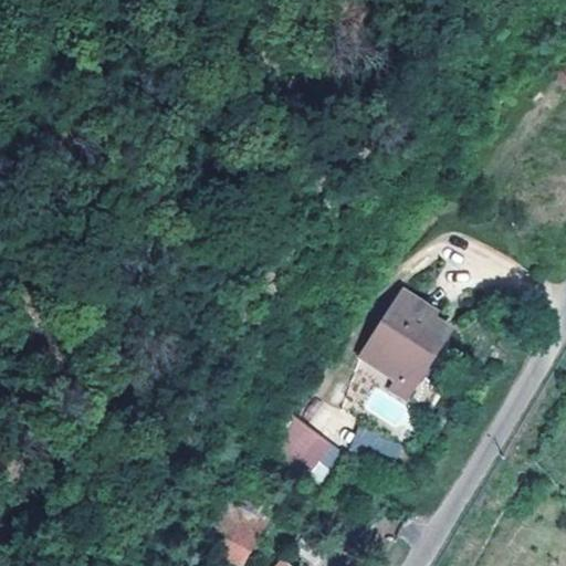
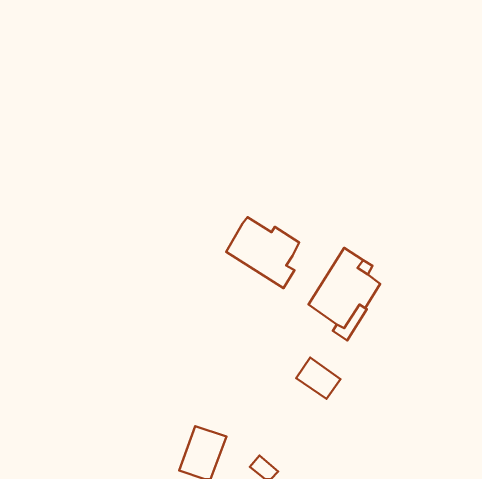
building: none -> [226,217,299,288]
building: [273,413,340,476] -> none

